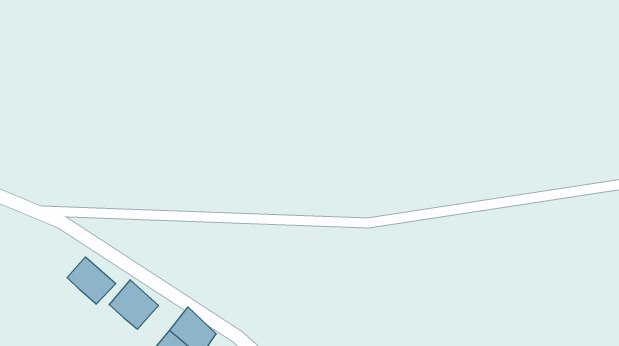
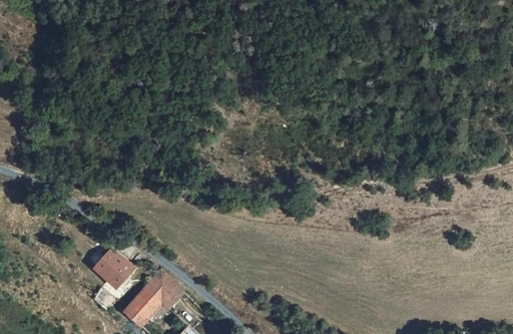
building: [67,257,116,304] -> none

